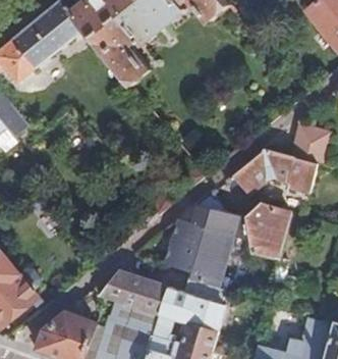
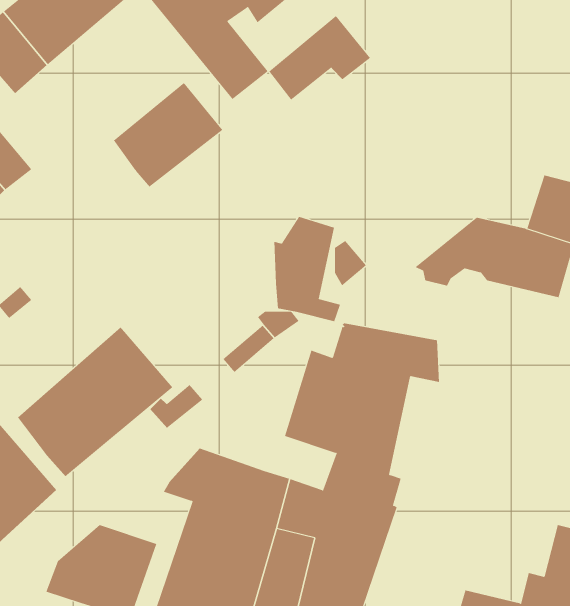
building: none -> [269,15,371,100]
building: none -> [113,82,223,188]
building: [242,201,278,257] -> [273,216,341,322]
building: none -> [17,327,173,477]

